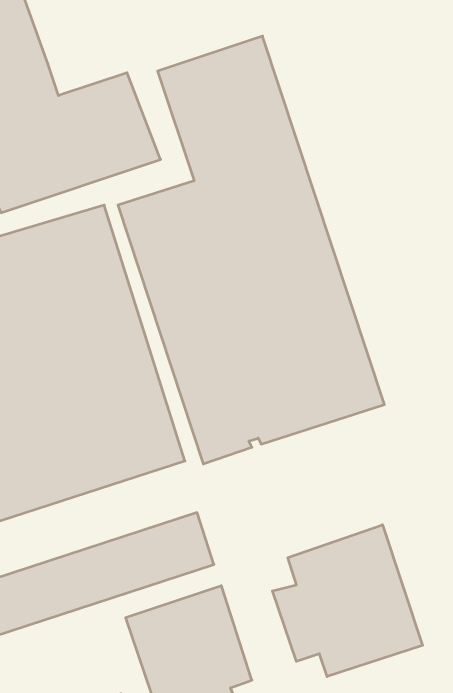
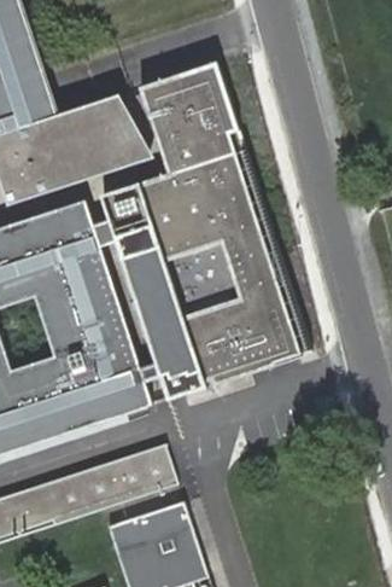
building: [272,525,423,677] -> none

